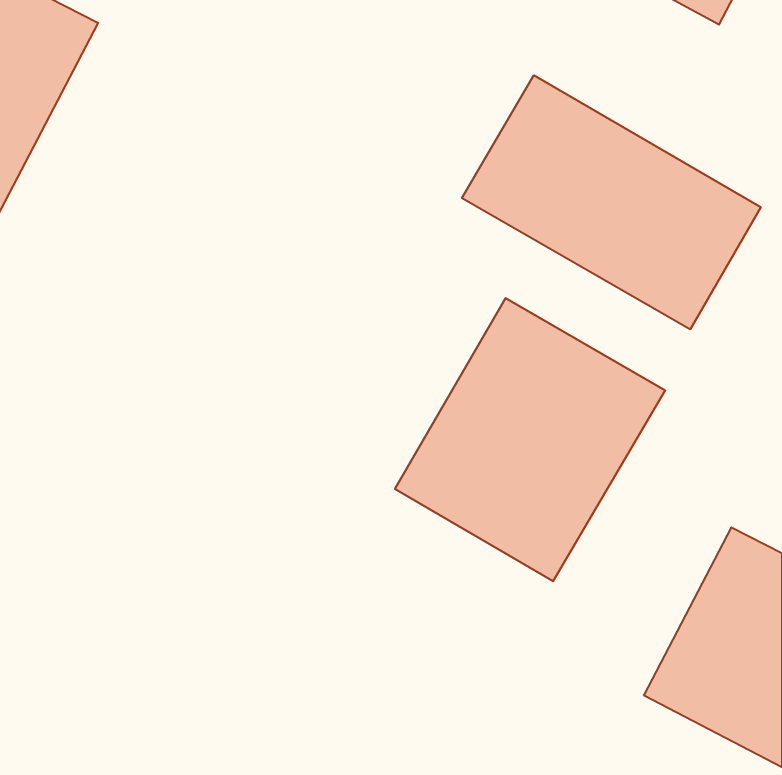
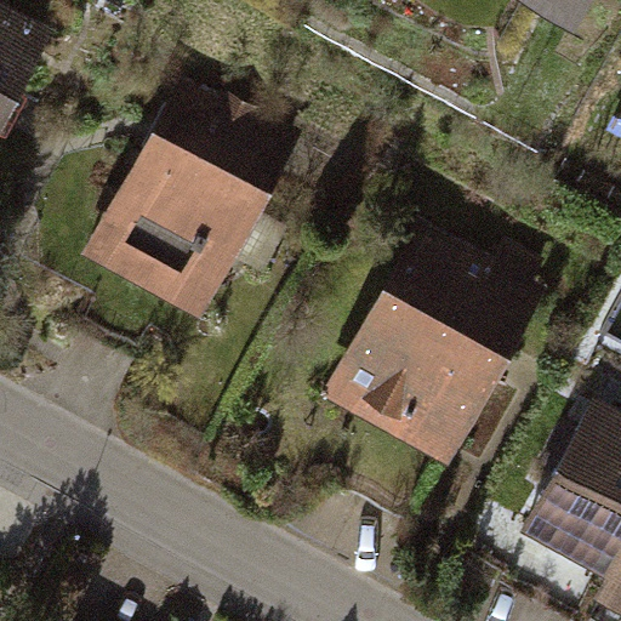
building: [462,75,761,329] -> none
building: none -> [96,106,295,314]

